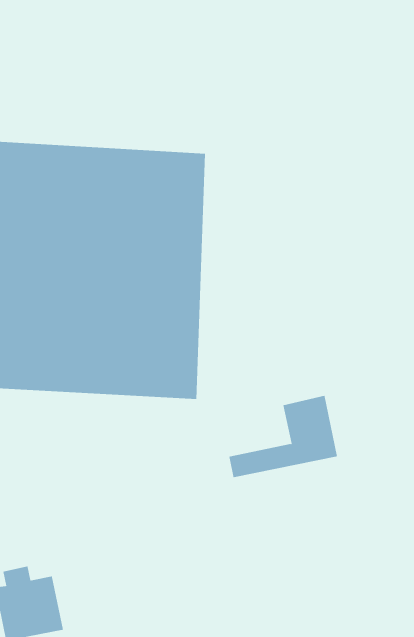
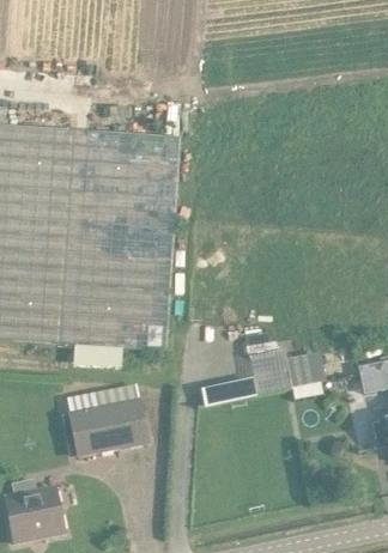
building: none -> [287,351,322,387]
building: none -> [65,400,146,457]

